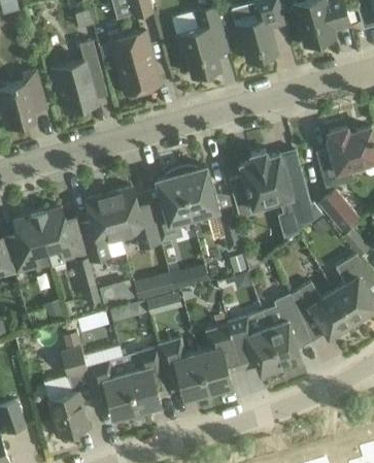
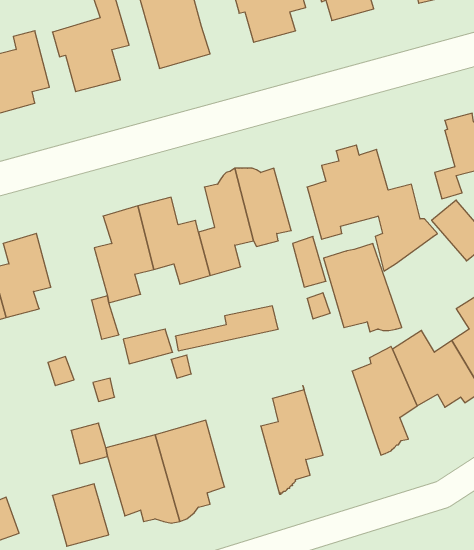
building: [37,207,87,268] -> none
building: [227,311,282,374] -> [324,244,402,332]
building: [157,338,210,400] -> none

